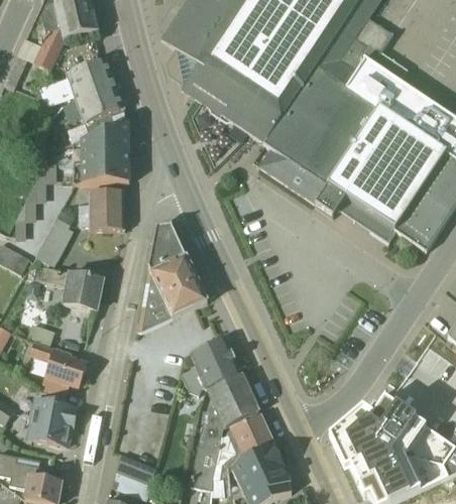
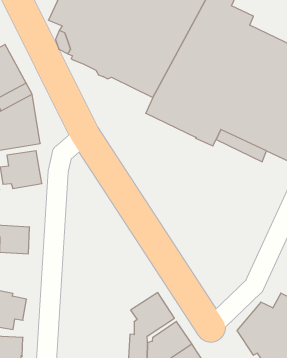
building: [138,223,208,331] -> none
building: [182,337,241,393] -> none

